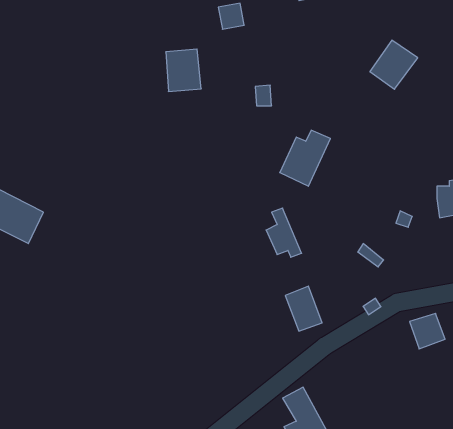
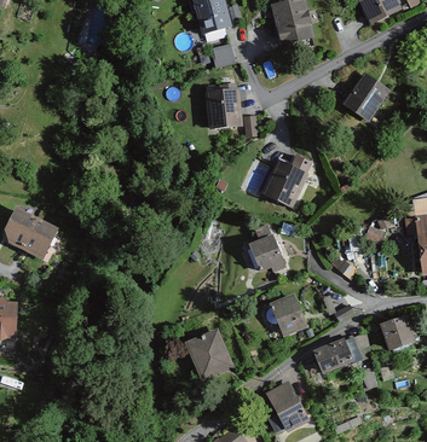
building: [166,49,201,91] -> [209,88,241,126]
building: none -> [185,328,231,378]
building: none -> [315,338,352,371]

